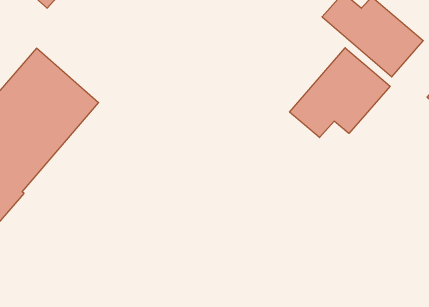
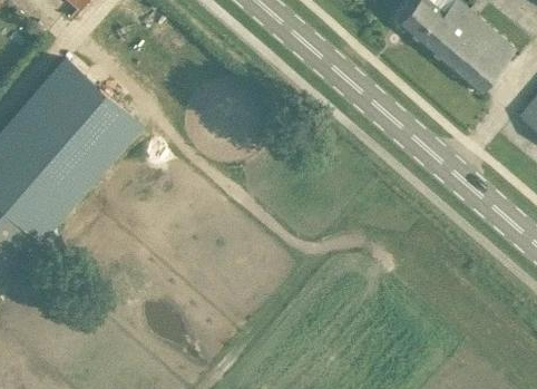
building: [290,48,390,138] -> none

